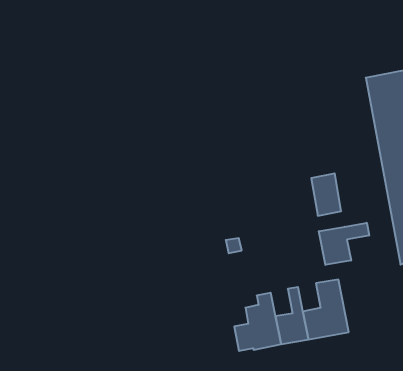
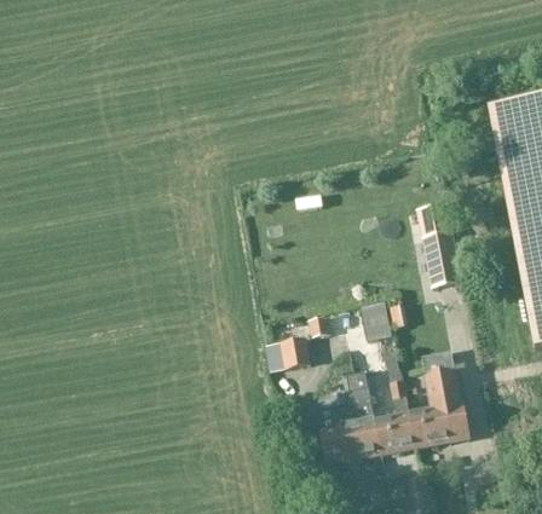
building: [319,223,369,265] -> none
building: none -> [359,301,391,337]
building: none -> [279,334,312,366]

